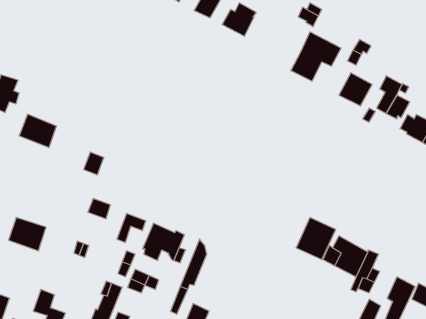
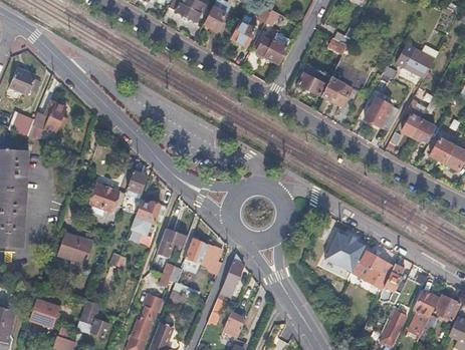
building: none -> [395,43,437,77]
building: none -> [297,67,329,95]
building: [19,114,57,148] -> [89,183,125,214]
building: none -> [136,199,168,222]

